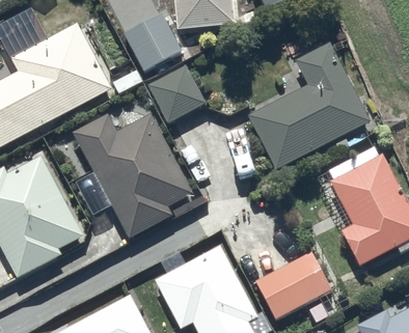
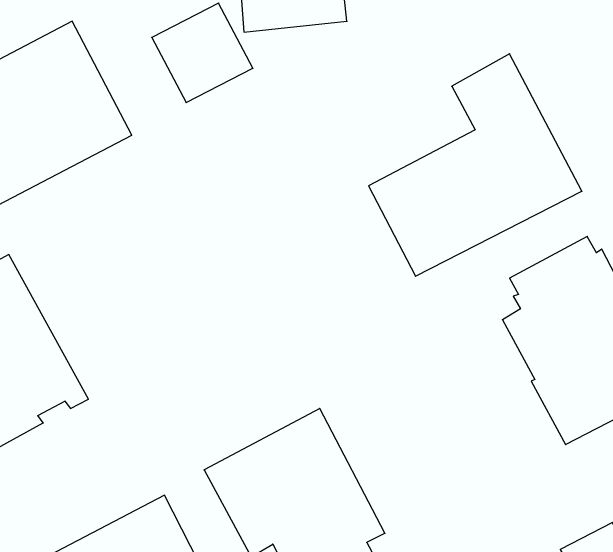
building: [147,63,204,121] -> none
building: [72,113,193,237] -> none
building: [260,253,336,322] -> none

